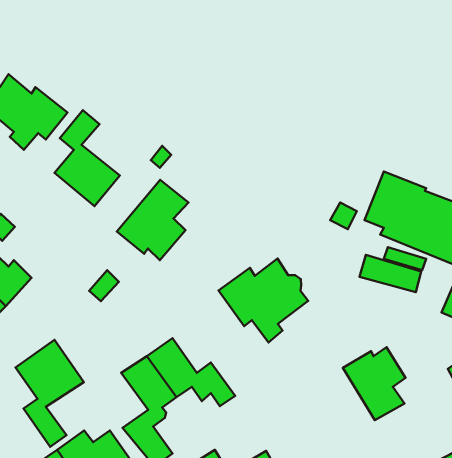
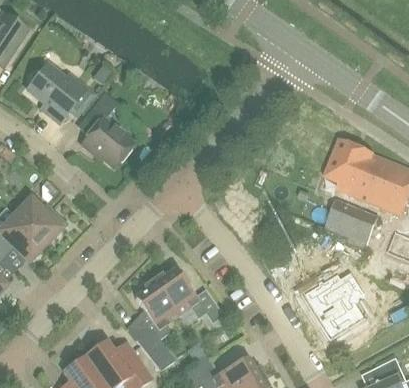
building: [117,180,189,260] -> none
building: [218,259,308,342] -> none
building: [15,340,84,447] -> none

